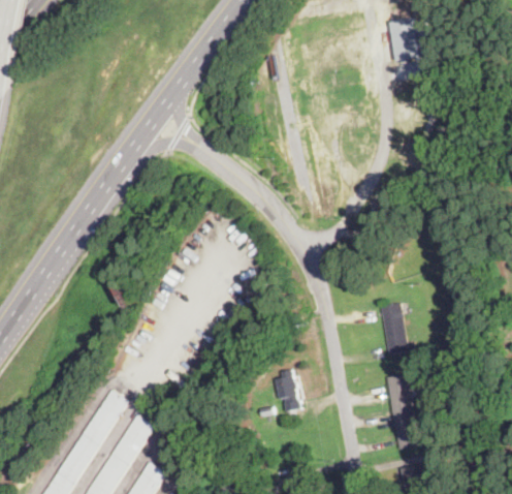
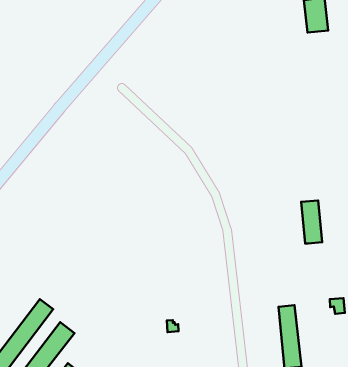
building: [380,305,408,356] -> [301,201,322,244]
building: [275,371,300,413] -> none

